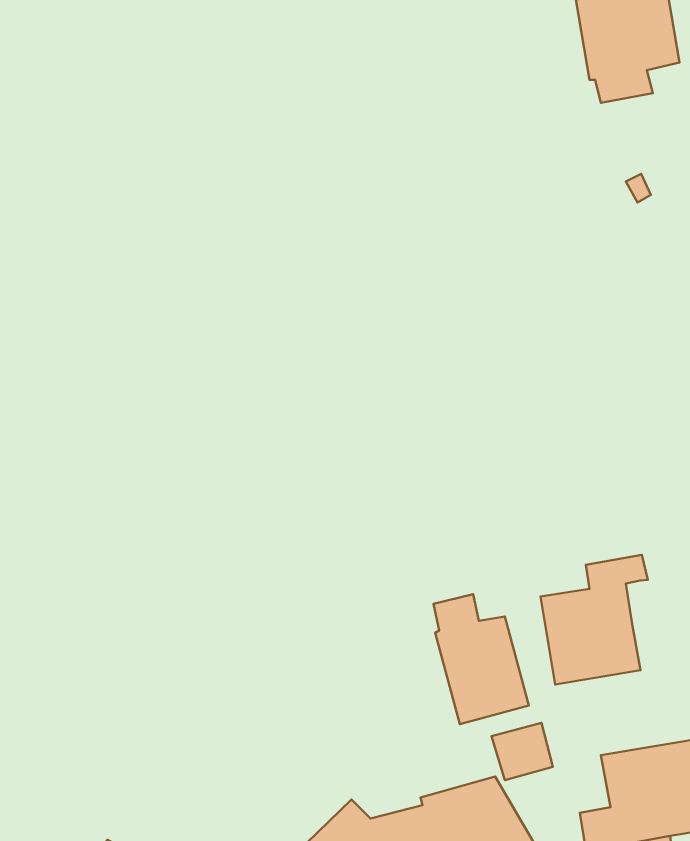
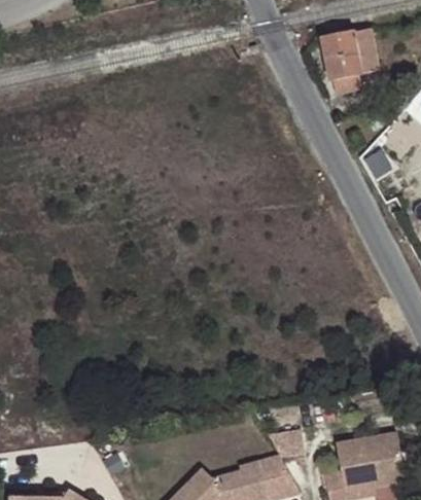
building: [540,555,648,684] -> none
building: [433,594,529,724] -> none

